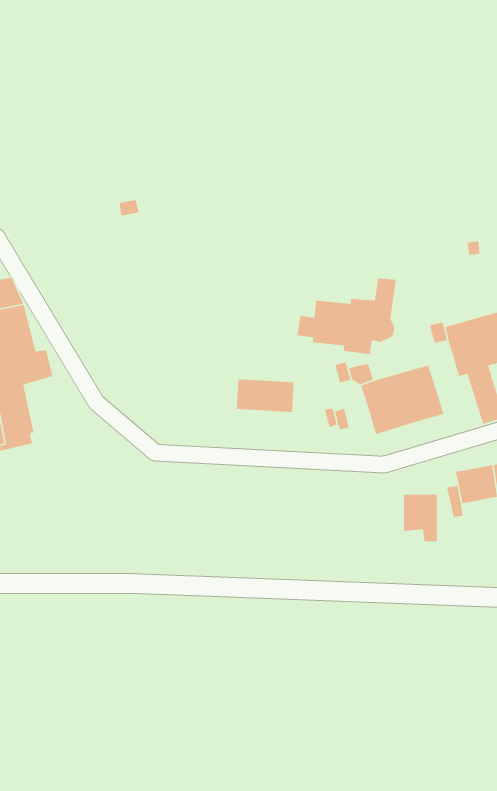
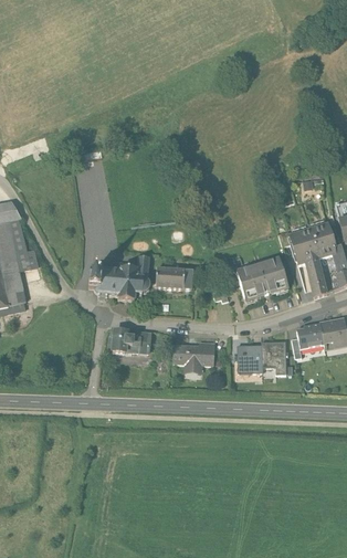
building: [297,277,396,355] -> [90,250,154,299]
building: none -> [114,327,151,349]
building: none -> [175,340,214,367]
building: none -> [238,344,263,370]

